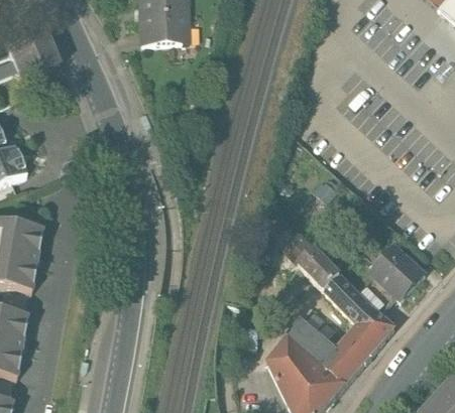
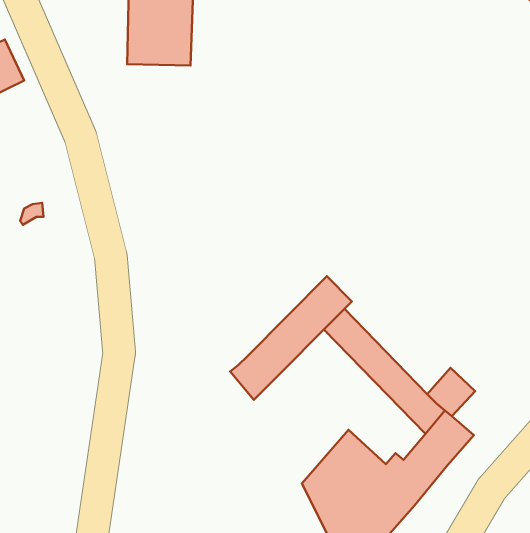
building: none -> [230,276,352,400]
building: [371,242,425,295] -> none

